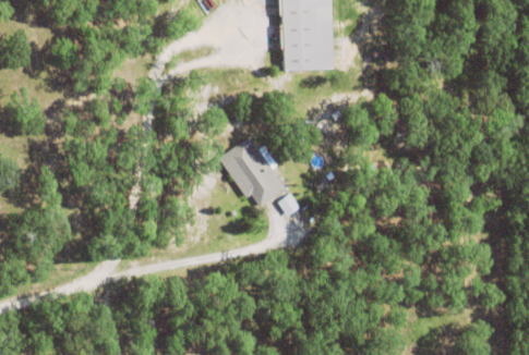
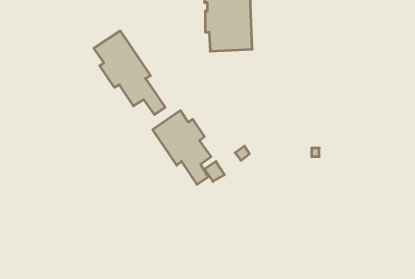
building: none -> [94,31,165,115]

